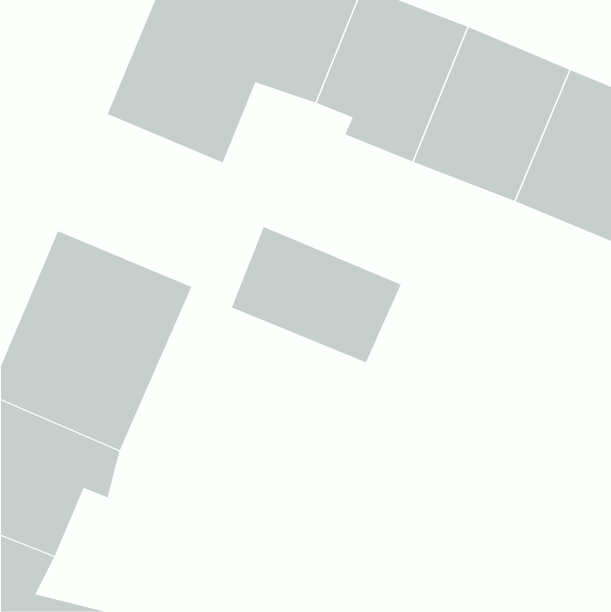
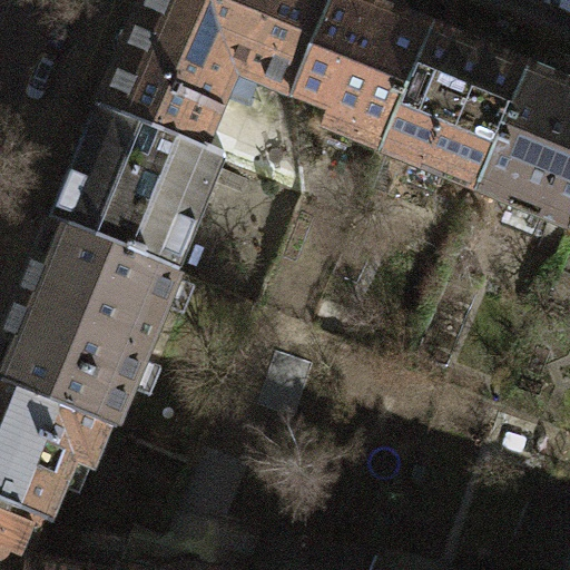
building: none -> [56,106,226,266]
building: [231,226,401,363] -> none

